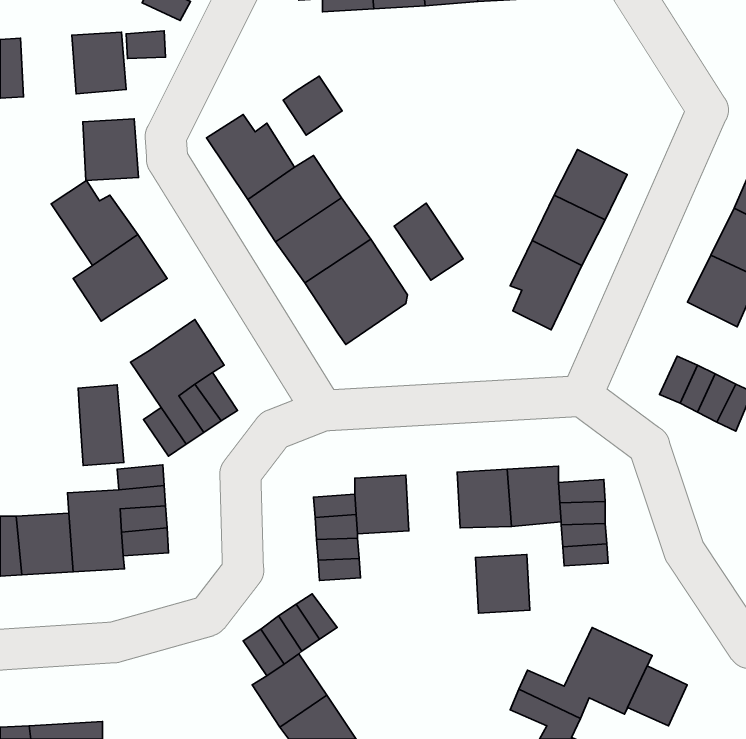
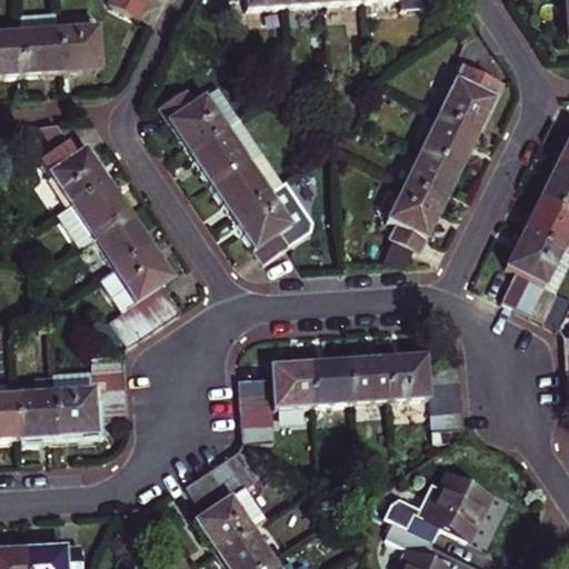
building: [283,76,342,135] -> none
building: none -> [440,63,502,132]
building: [83,119,139,180] -> [18,27,60,73]
building: [394,203,463,280] -> none
building: none -> [94,211,150,266]
building: none -> [508,229,561,280]
building: [78,385,124,465] -> none
building: [476,555,530,613] -> [310,358,351,402]
building: [627,666,687,726] -> none

